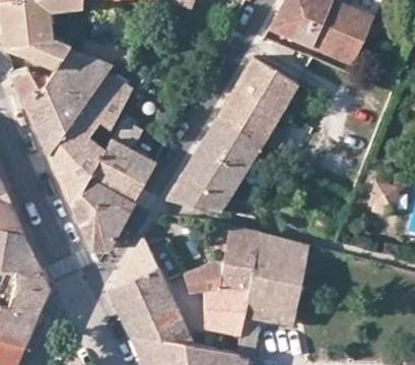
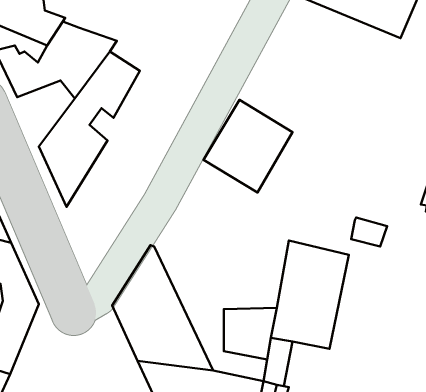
building: [216,57,297,153] -> none
building: [28,100,77,156] -> none
building: [70,120,156,251] -> none
building: [166,167,231,212] -> none
building: [184,225,258,294] -> none

